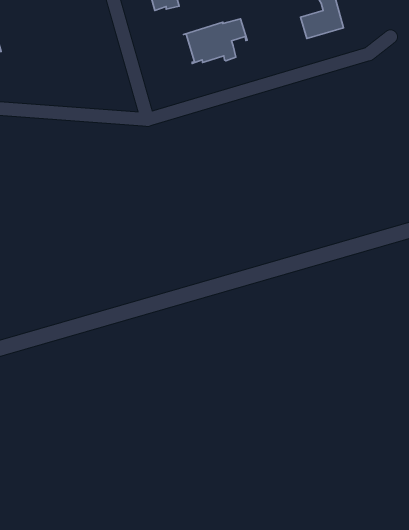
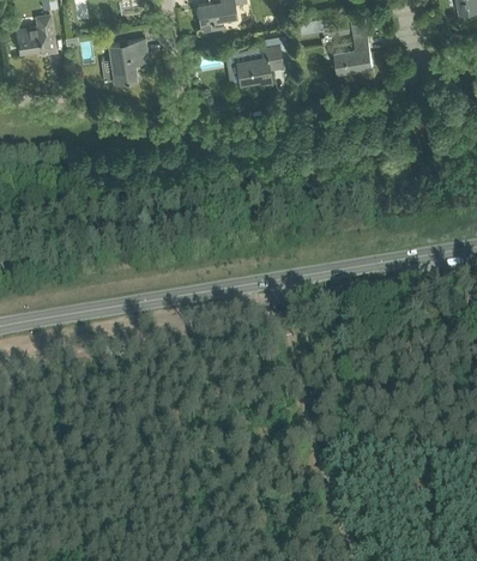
building: none -> [109,40,149,83]

